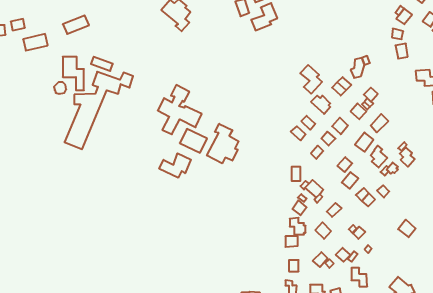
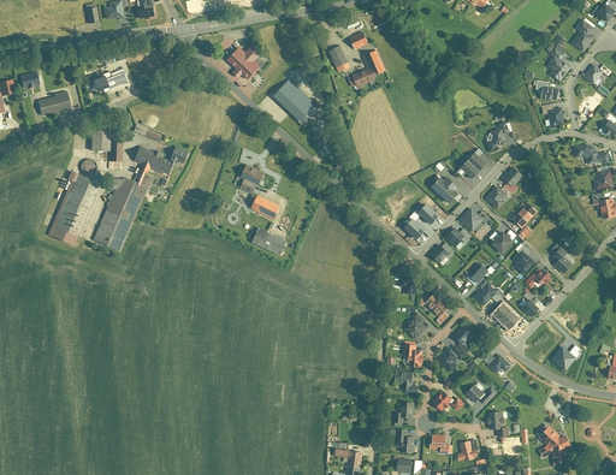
building: none -> [272,78,319,125]
building: [300,65,322,94] -> none
building: none -> [49,172,97,242]
building: [207,124,239,163] -> none
building: [159,153,191,178] -> none

